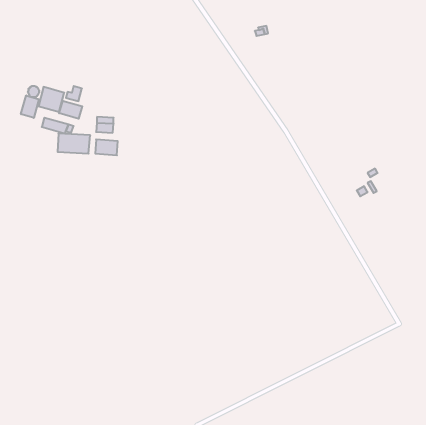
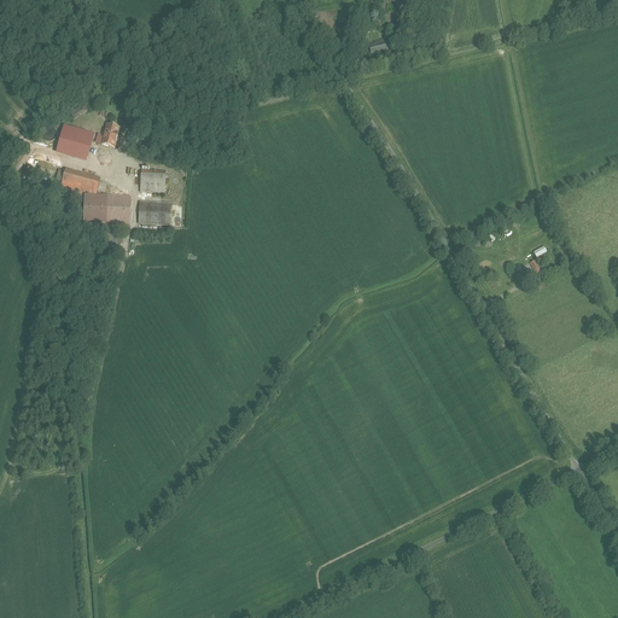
building: [21,95,39,118] -> none
building: [59,101,82,119] -> none

